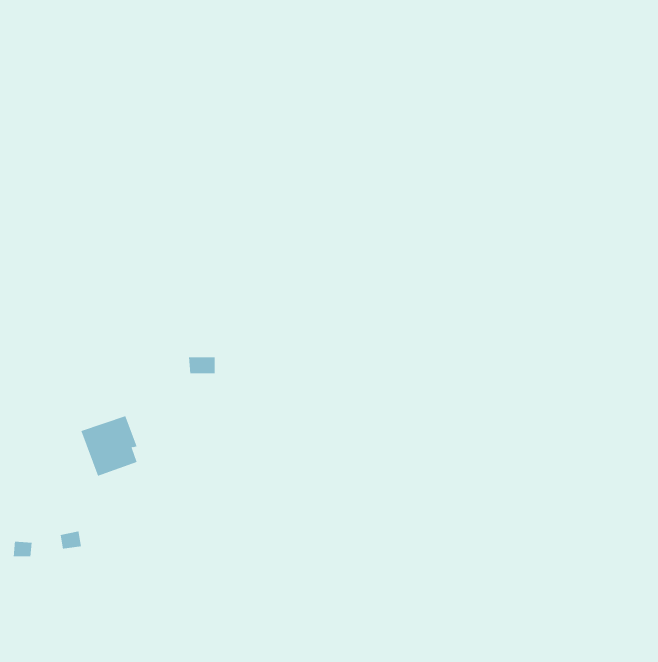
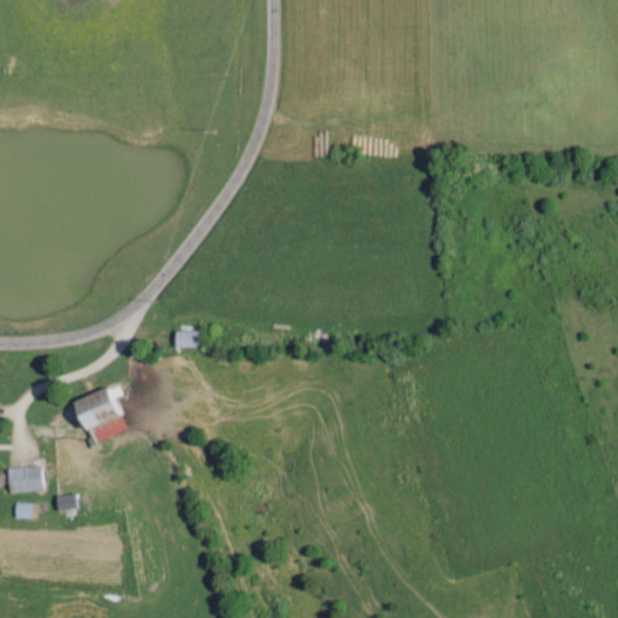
building: none -> [5,466,42,492]

